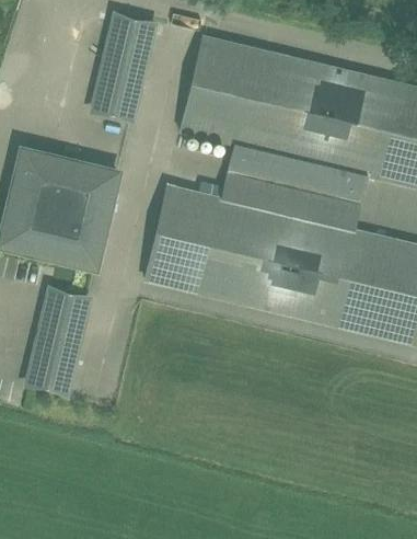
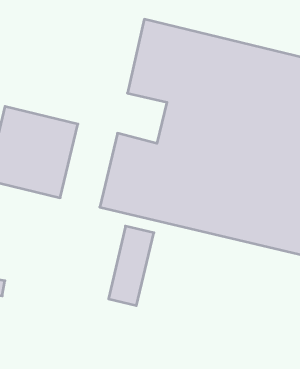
building: [92,14,152,119] -> none
building: [27,289,86,393] -> [109,226,154,306]

